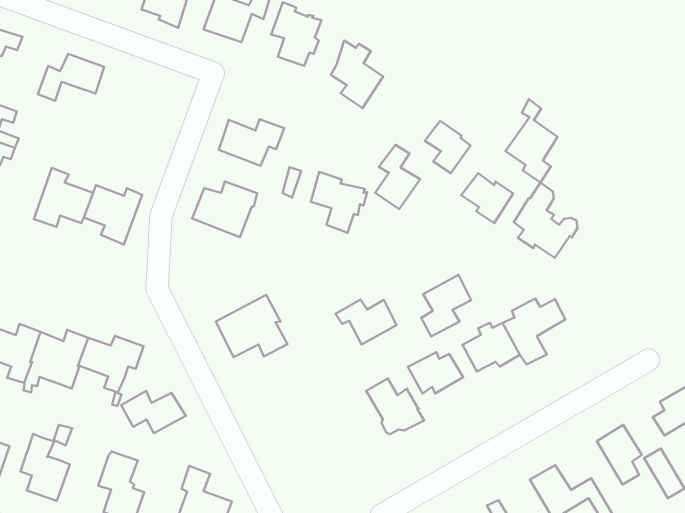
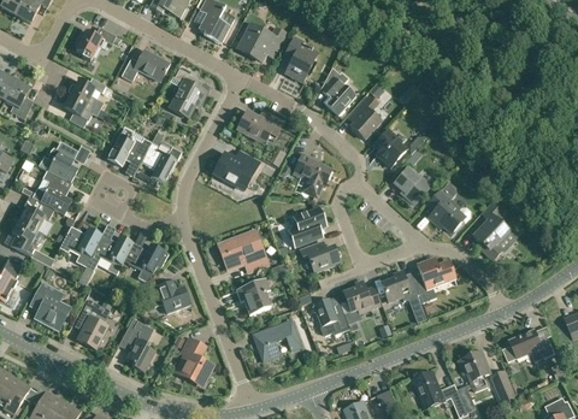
building: none -> [170,67,204,117]
building: [506,99,558,182] -> [473,202,509,259]
building: [375,145,420,209] -> [350,95,382,138]
building: [421,275,471,336] -> [290,207,325,246]
building: none -> [236,277,271,313]
building: none -> [253,319,302,360]

